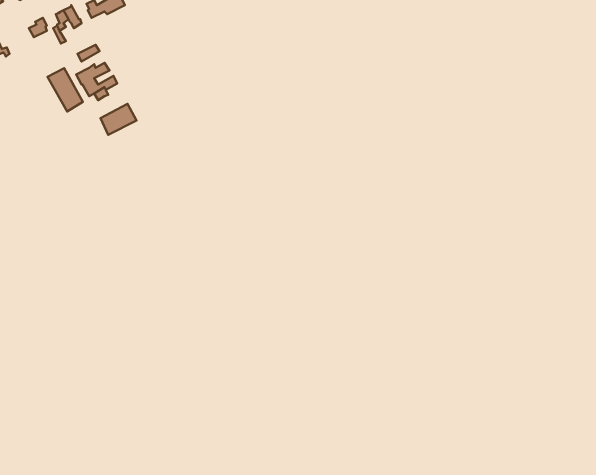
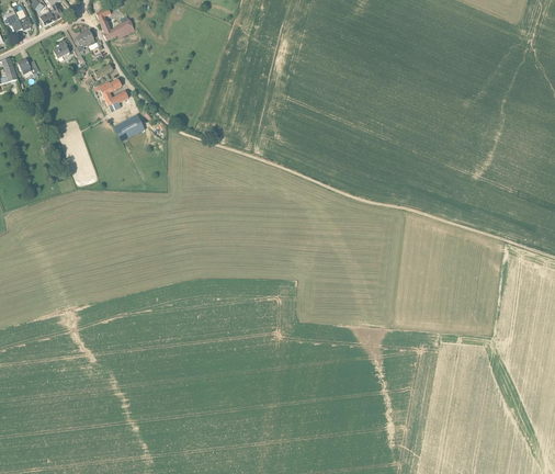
building: [48,68,83,111] -> none

